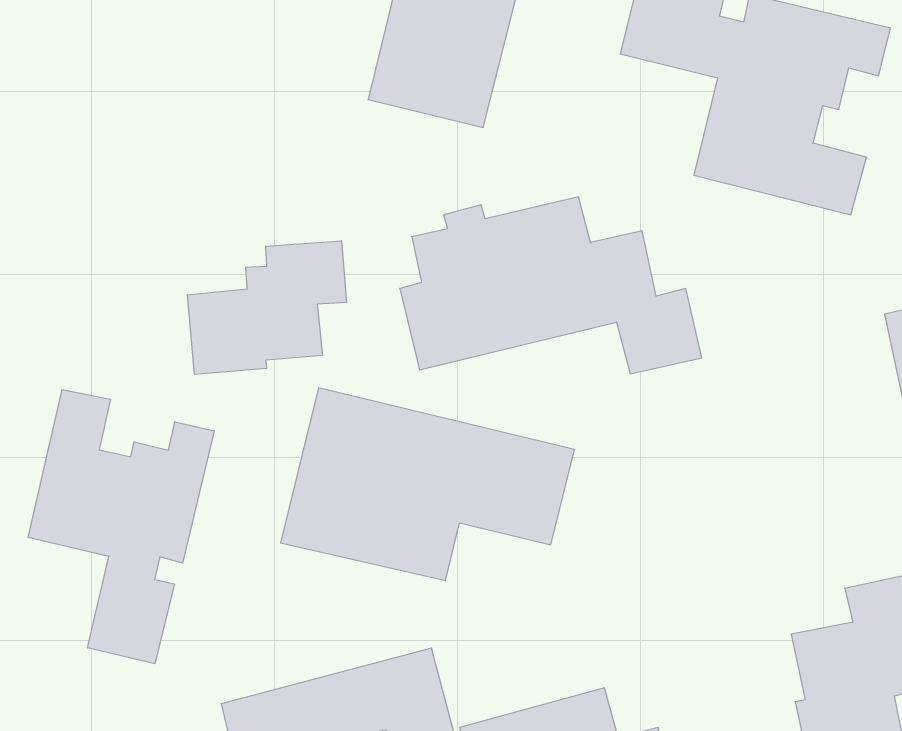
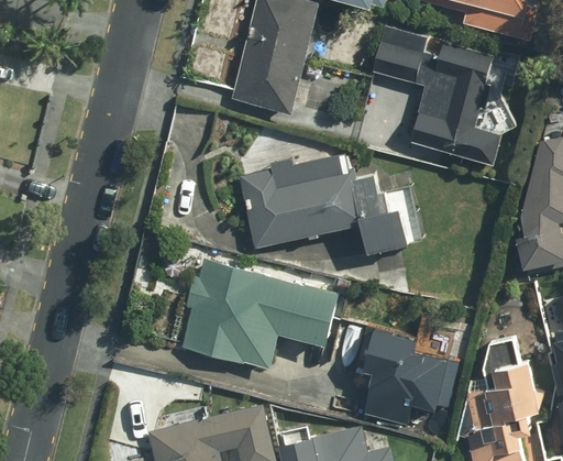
building: [187,241,347,374] -> none
building: [28,390,214,664] -> none
building: none -> [361,330,455,427]

